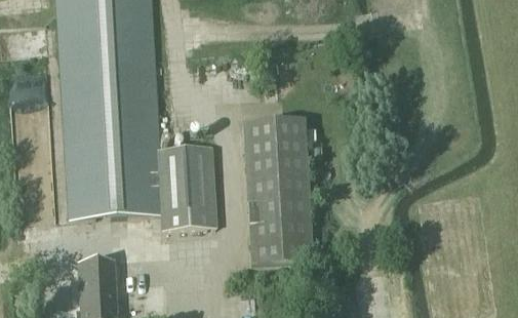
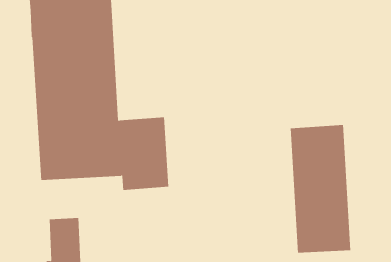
building: [243,116,313,263] -> [290,125,351,253]

